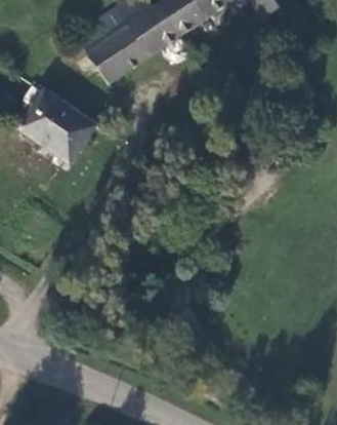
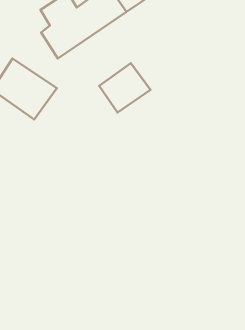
building: none -> [99,63,151,113]

